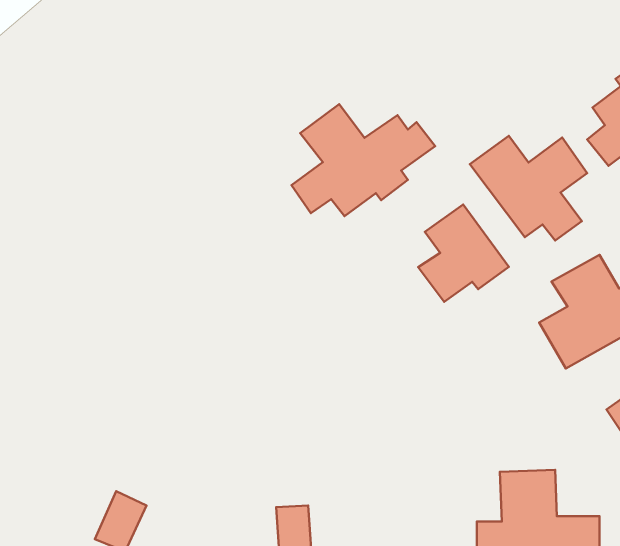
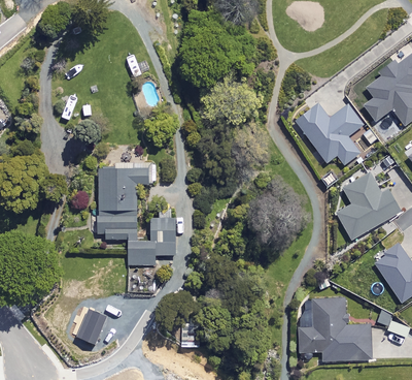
building: [292,104,435,216] -> none
building: [418,204,509,302] -> none
building: none -> [98,166,175,266]

